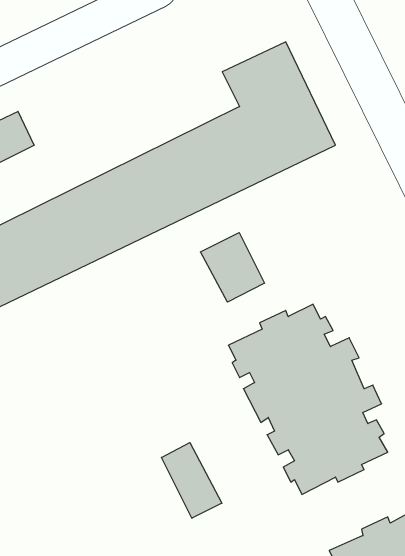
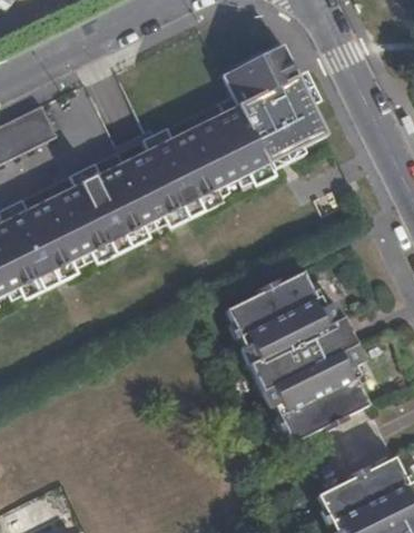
building: [200,233,264,302] -> none
building: [161,443,222,518] -> none

